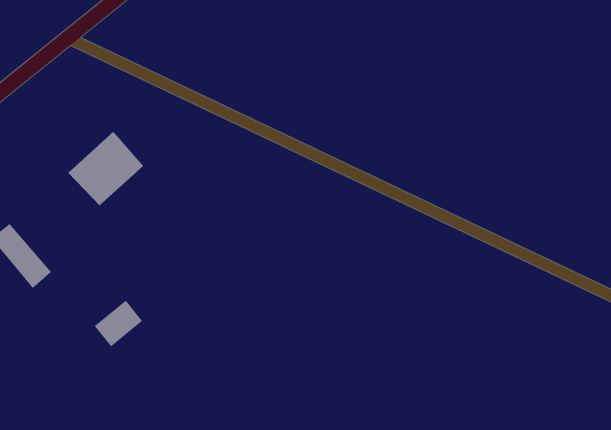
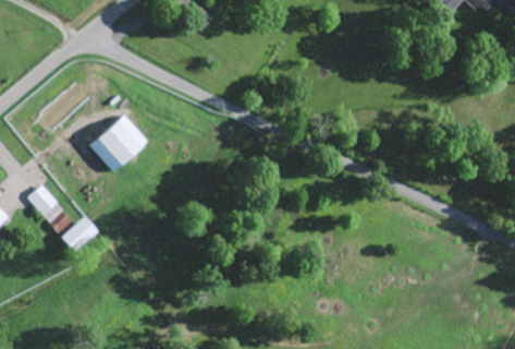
building: [94,300,143,347] -> [61,217,99,254]

